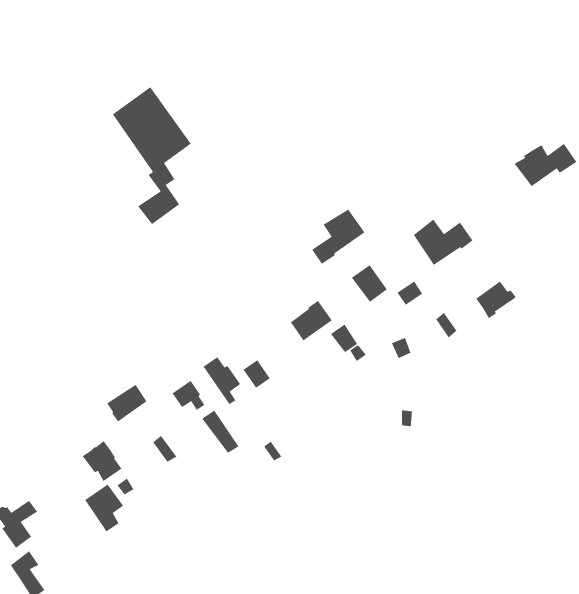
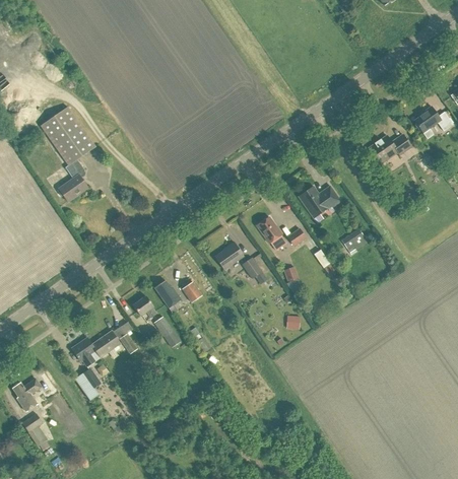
building: [112,86,192,225] -> [41,107,95,202]
building: [311,208,365,265] -> none
building: [106,384,148,422] -> [91,331,120,357]

